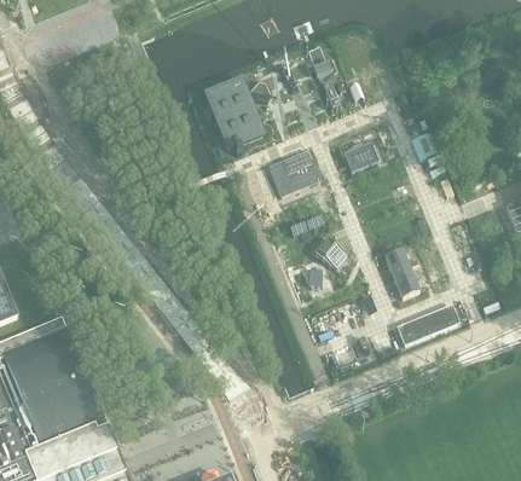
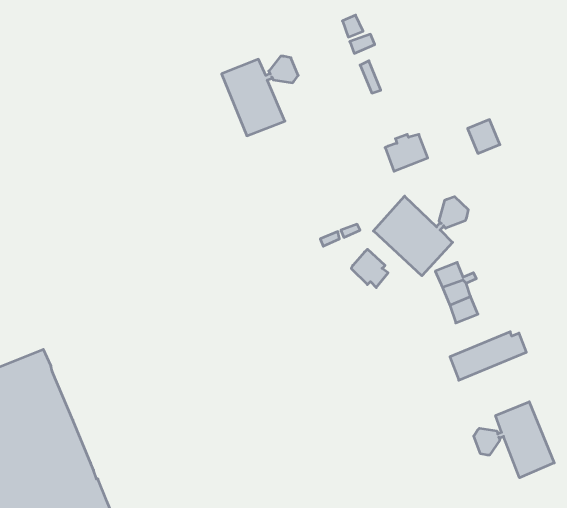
building: [267,149,320,196] -> none
building: none -> [373,196,468,276]
building: none -> [474,402,554,478]

